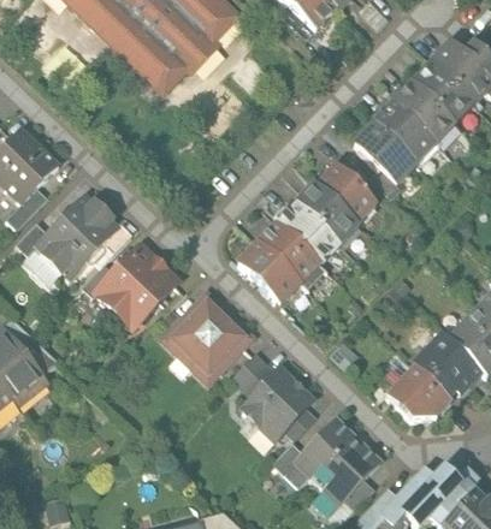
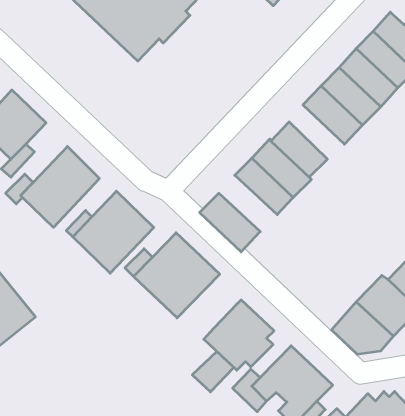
building: [254,222,320,286] -> none
building: [227,350,274,396] -> [192,351,234,392]

